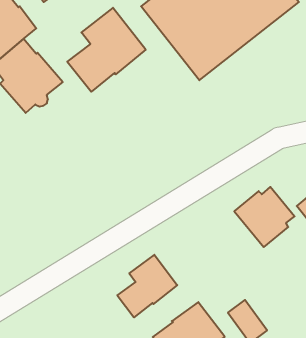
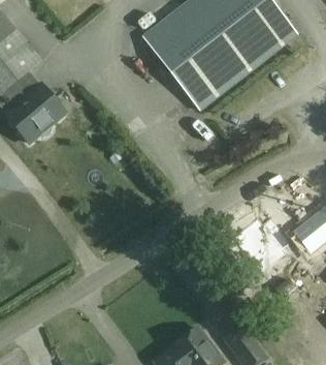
building: [67,8,146,92] -> none
building: [117,255,177,317] -> none

